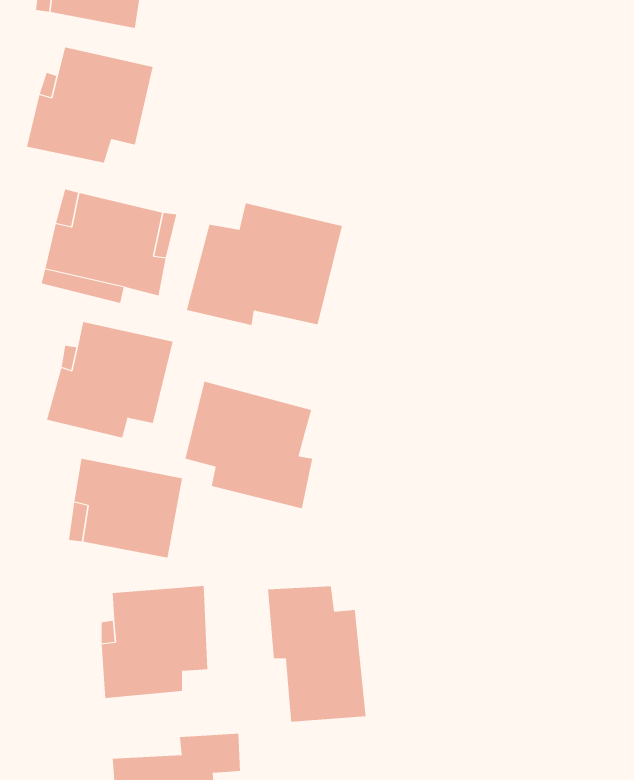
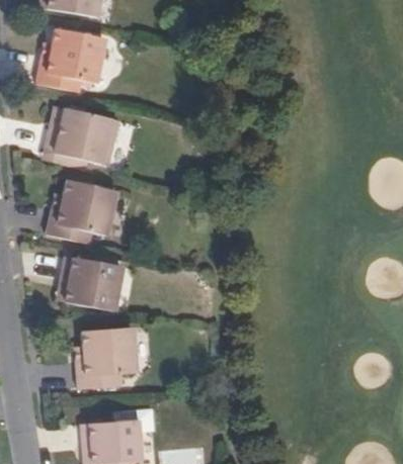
building: [186,203,342,326] -> none
building: [185,381,313,509] -> none
building: [268,585,366,723] -> none

